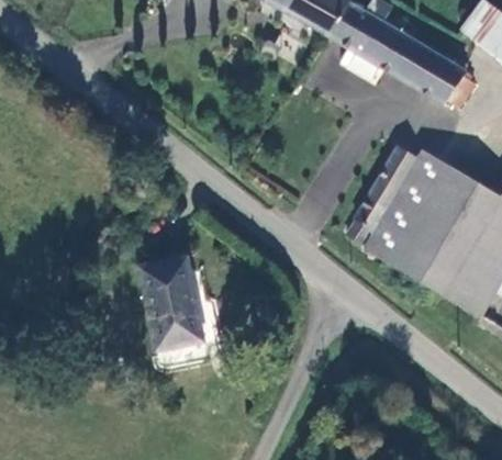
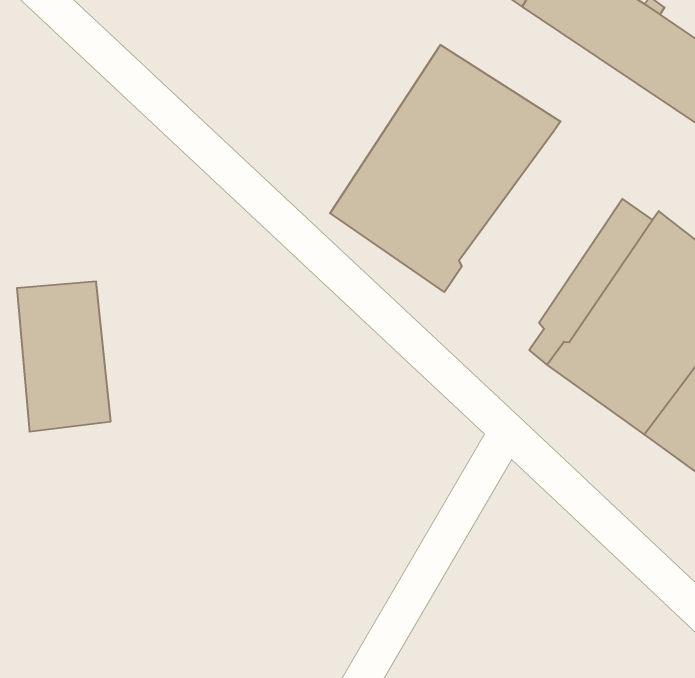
building: none -> [330,45,561,292]
building: [132,262,193,354] -> [17,282,111,432]

